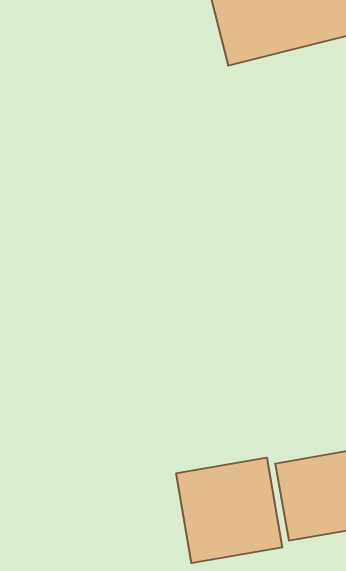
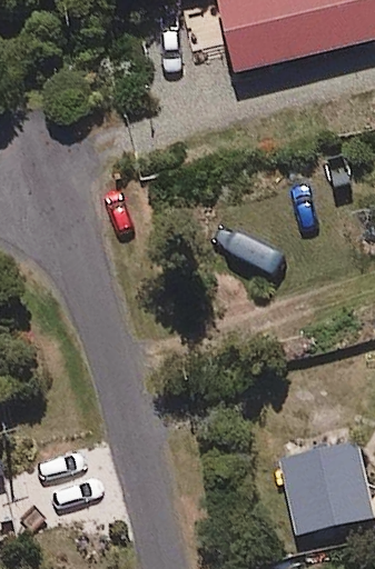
building: [176,458,282,563] -> none

